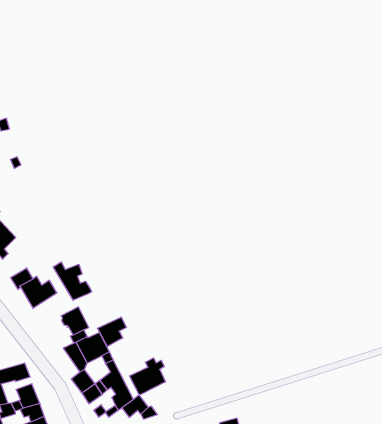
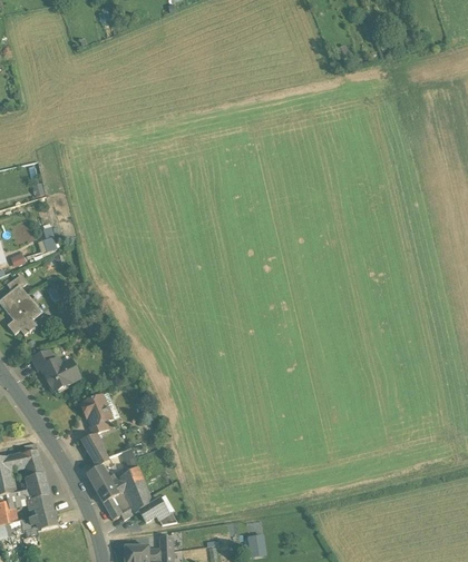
building: [53,262,92,300] -> none
building: [97,317,126,347] -> none
building: [130,358,166,395] -> none

